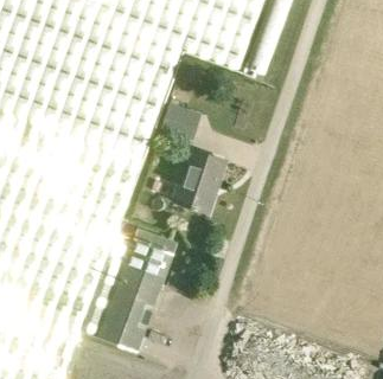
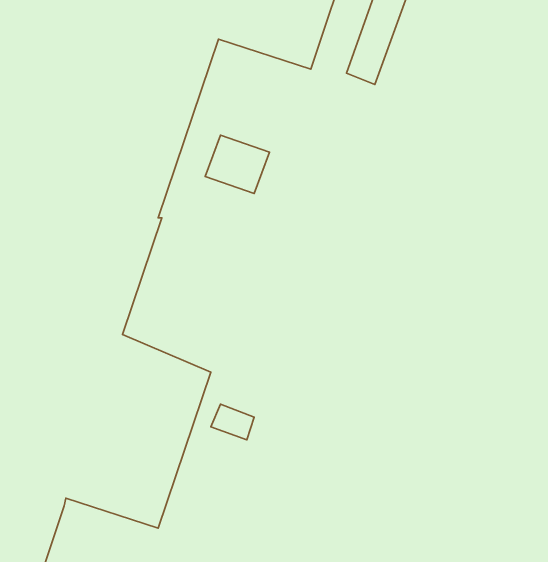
building: [173,149,226,213] -> none

